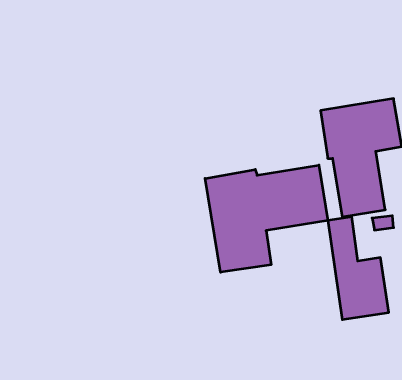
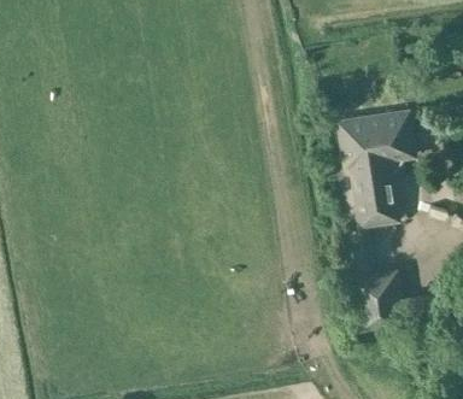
building: [205,165,328,272] -> none

